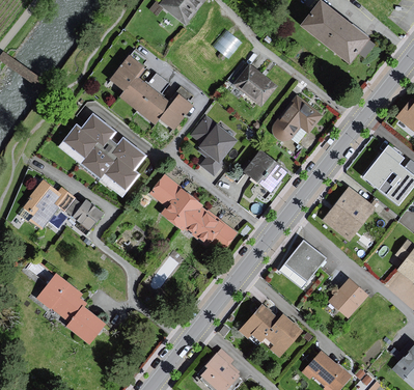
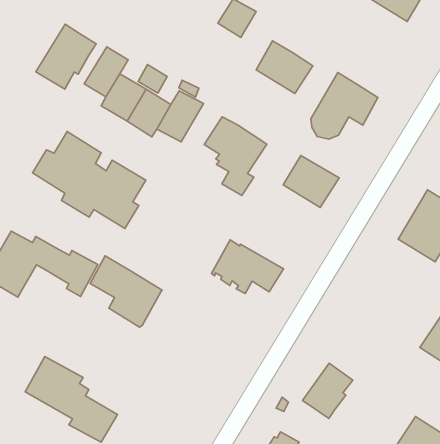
building: none -> [36,24,96,89]
building: [150,174,202,229] -> [90,256,162,327]
building: [281,241,324,285] -> none
building: [263,313,302,356] -> none

